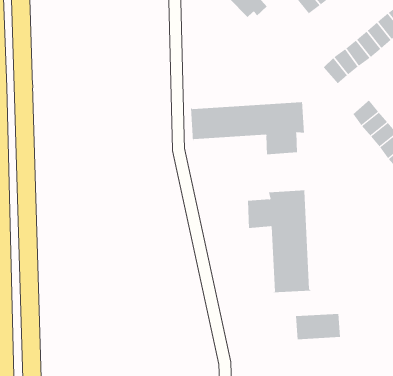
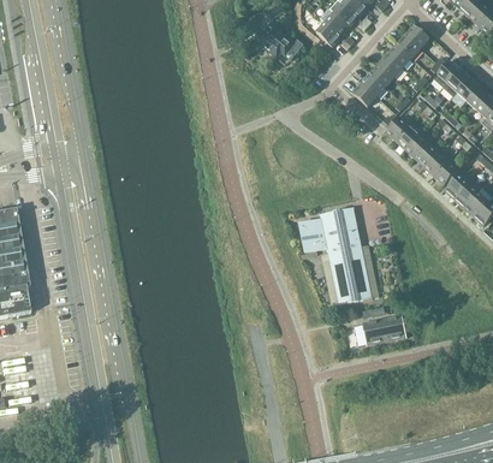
building: [190,101,304,155] -> none

